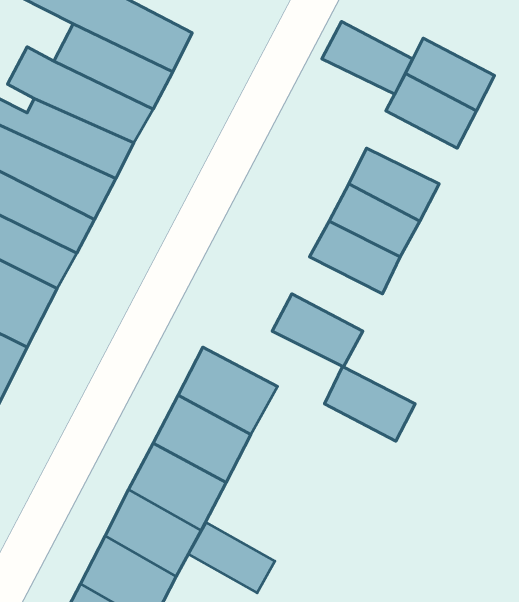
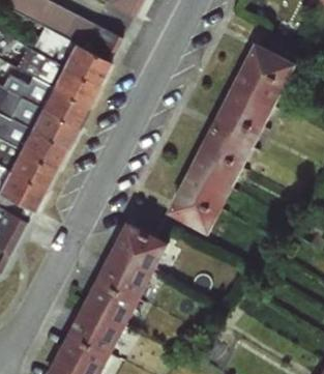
building: [322,21,412,94] -> [222,84,274,126]
building: [325,366,415,441] -> [178,169,231,212]
building: [188,523,275,593] -> none

